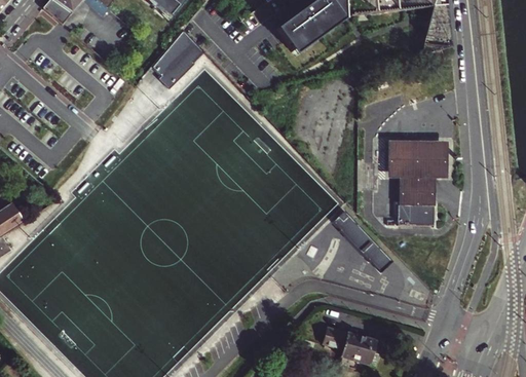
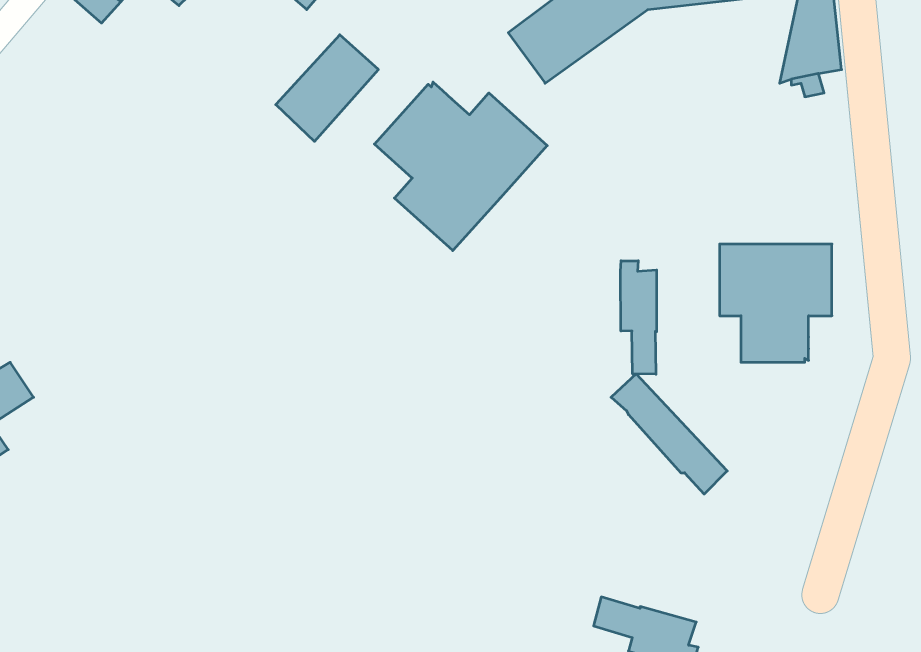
building: none -> [374,82,547,251]
building: none -> [620,261,657,374]
building: [398,200,437,226] -> none

